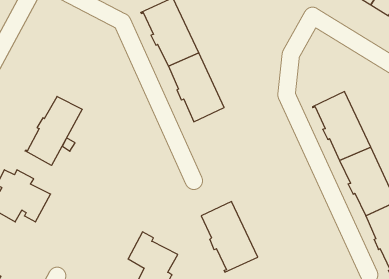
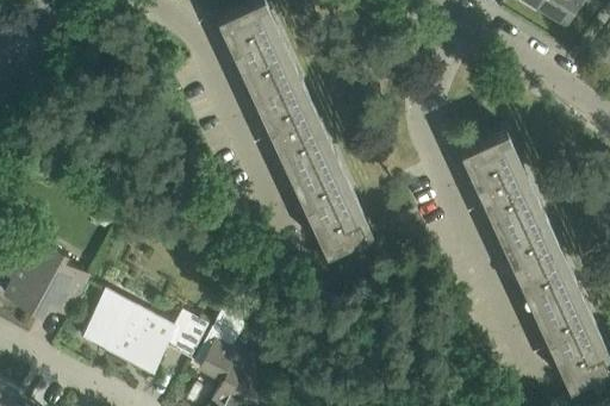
building: [25,96,82,165] -> none
building: [201,202,258,272] -> [291,152,371,252]
building: none -> [80,293,206,371]

